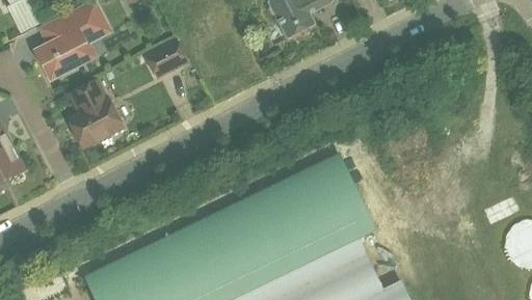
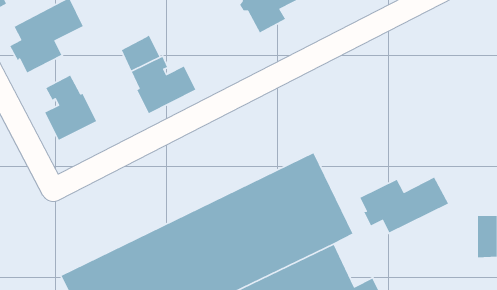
building: none -> [131,56,196,114]
building: none -> [359,177,449,233]

